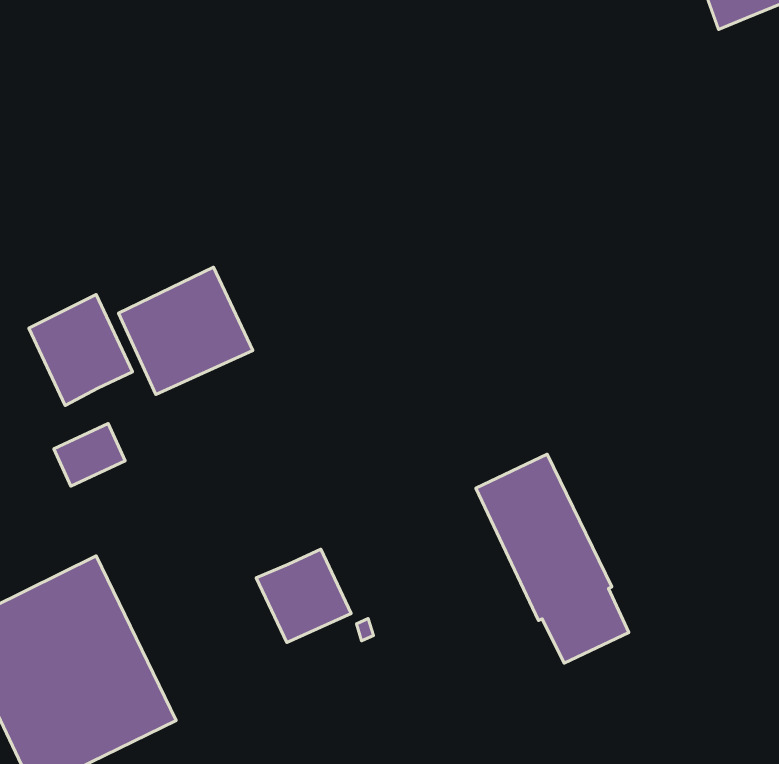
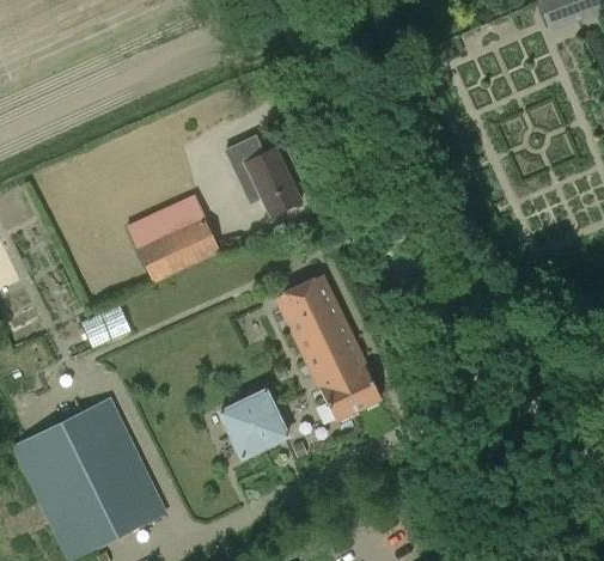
building: none -> [225,134,301,215]
building: [29,295,132,406] -> none
building: [476,454,629,663] -> [274,273,382,420]

